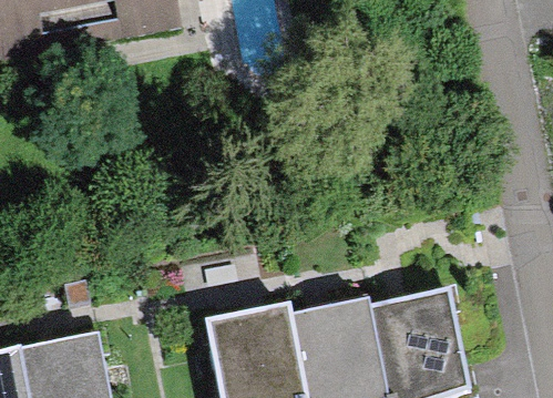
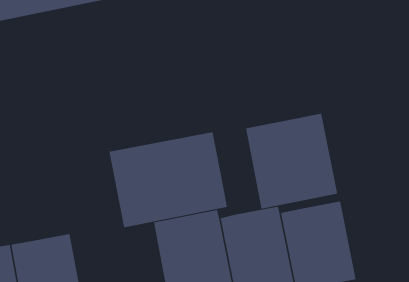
building: none -> [245,113,338,209]
building: none -> [109,131,228,228]

